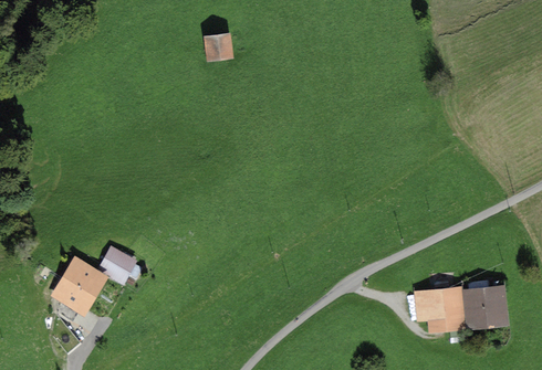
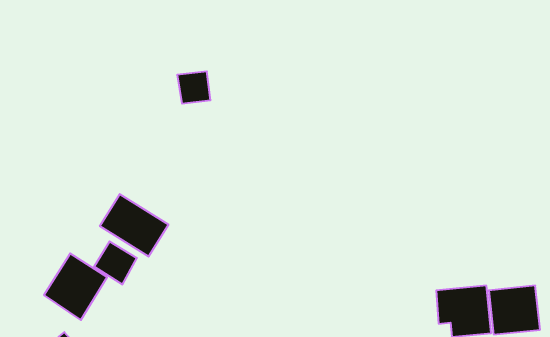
building: [202,31,233,61] -> [177,71,211,104]
building: none -> [100,194,168,257]

